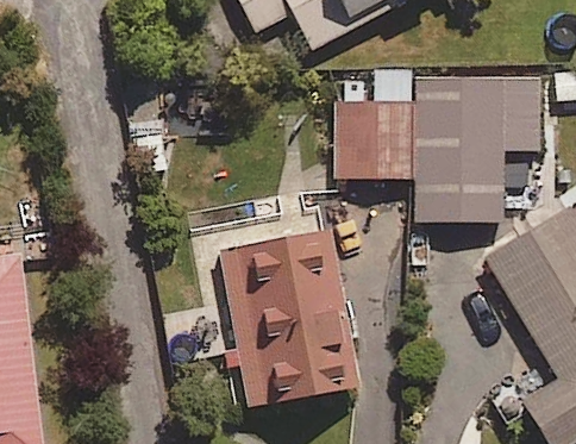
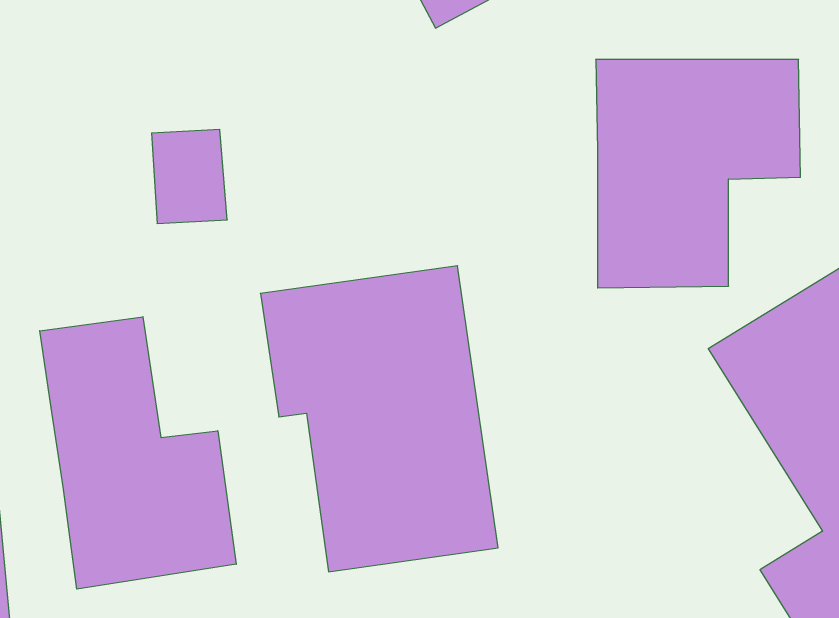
building: [338,74,417,177] -> none
building: none -> [40,317,236,589]

